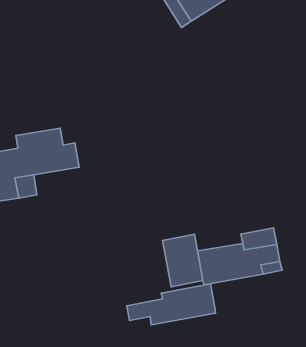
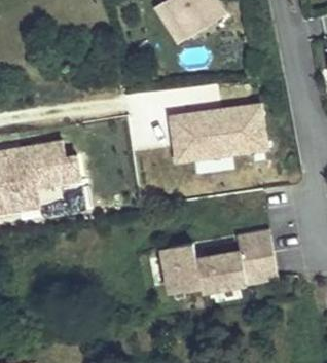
building: none -> [170,104,266,161]
building: [127,284,215,325] -> none

